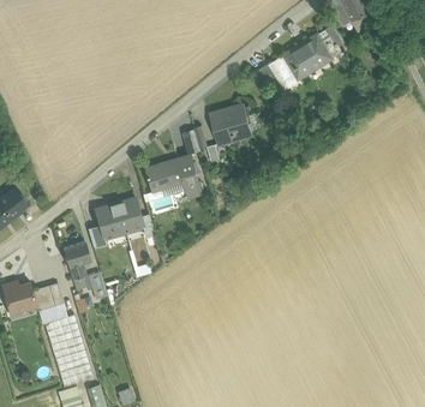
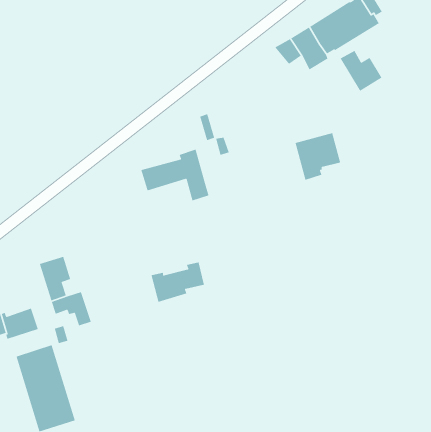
building: none -> [339,50,382,92]
building: [212,104,252,144] -> [295,132,343,181]
building: [96,198,140,232] -> [151,262,205,303]

